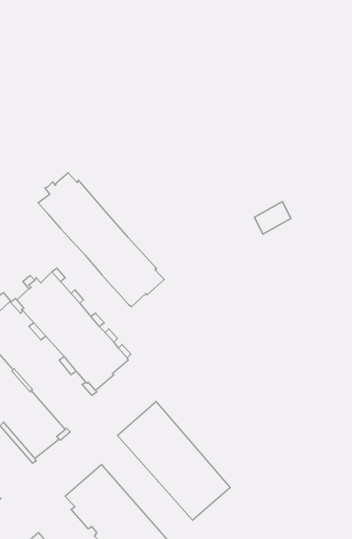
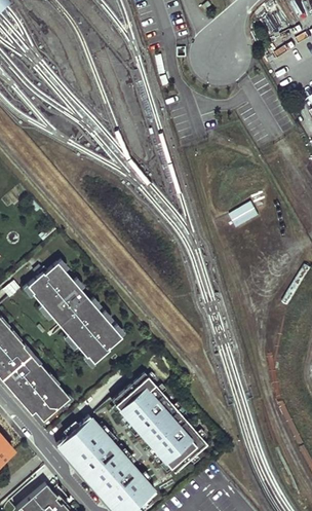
building: [38,173,164,307] -> none
building: none -> [56,415,99,464]

